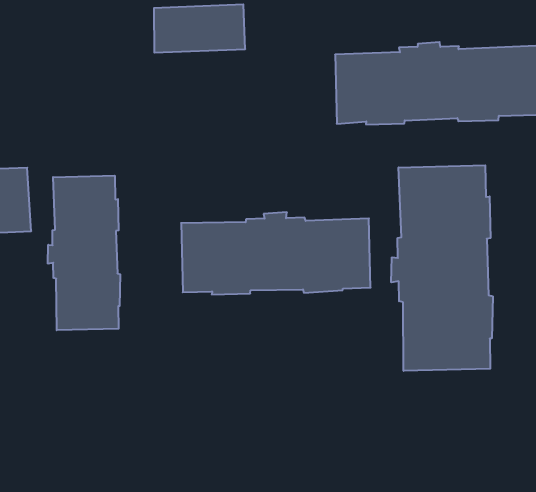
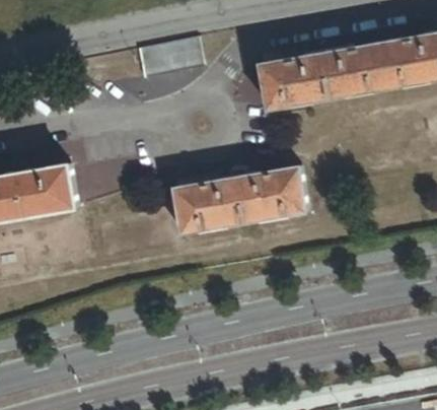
building: [391,165,493,371] -> none
building: [48,176,120,330] -> none

